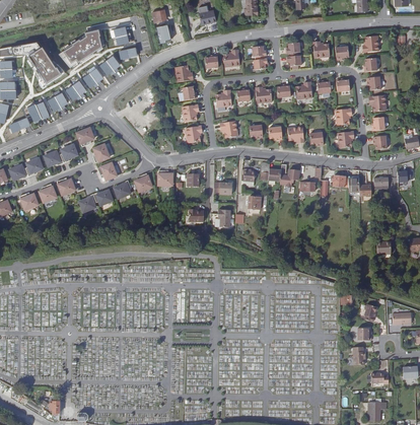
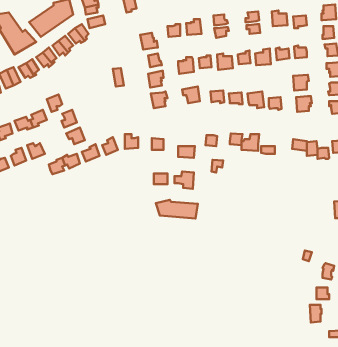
building: none -> [156,200,198,219]

